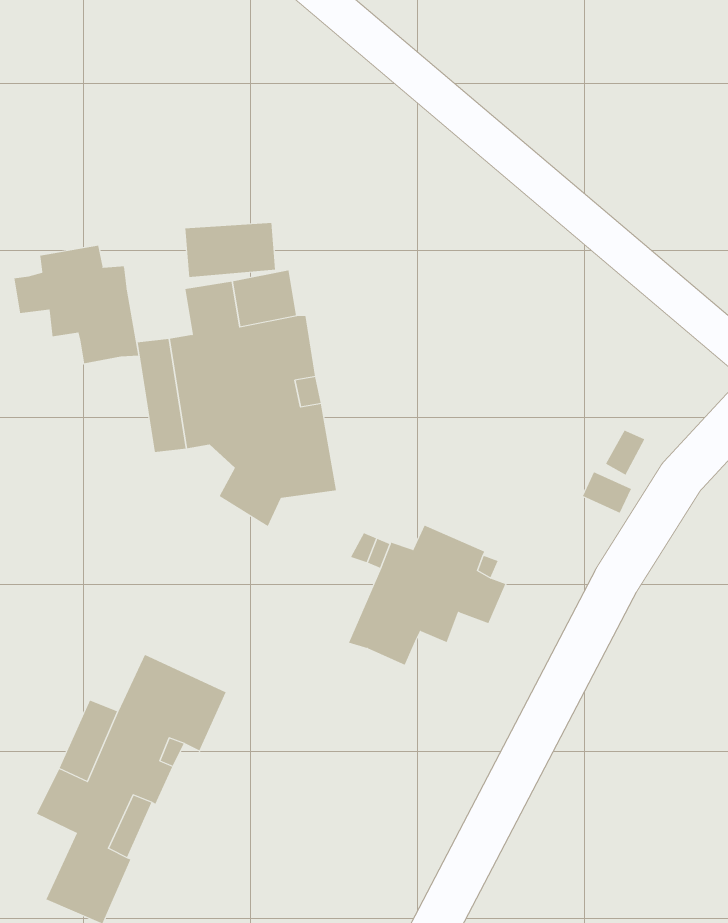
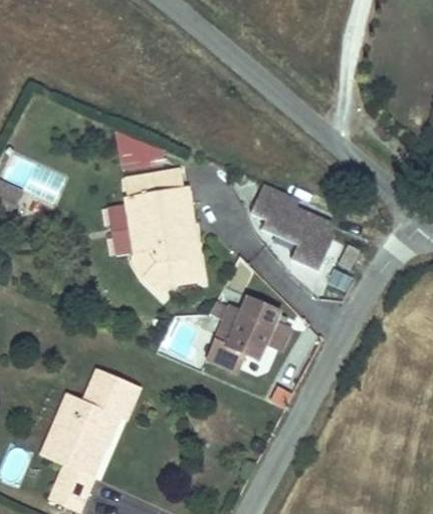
building: [14,245,139,364] -> none
building: none -> [249,180,332,269]

